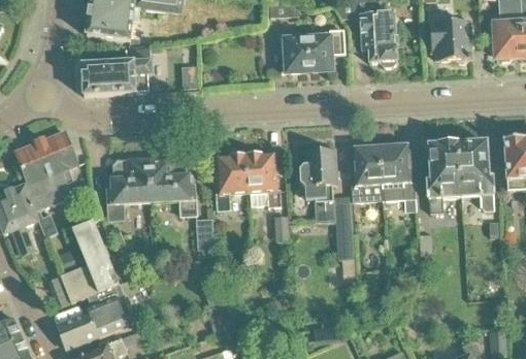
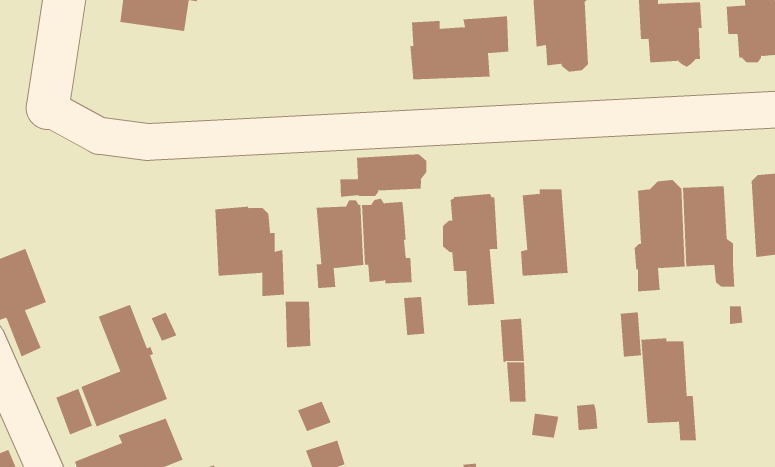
building: [83,46,152,96] -> none
building: none -> [340,153,427,197]
building: [14,132,77,237] -> none
building: [380,143,417,211] -> [641,338,697,441]
building: [107,158,152,220] -> none

